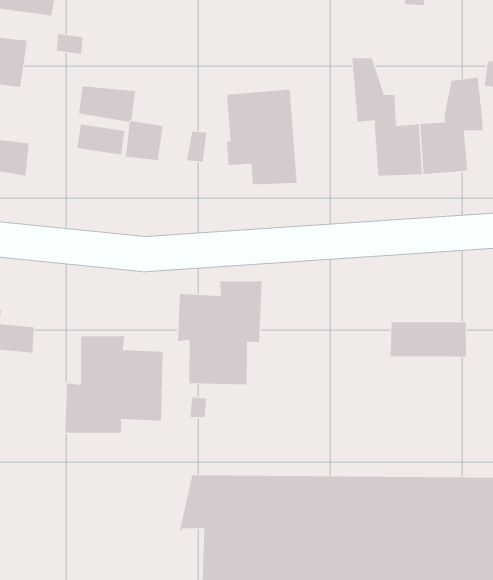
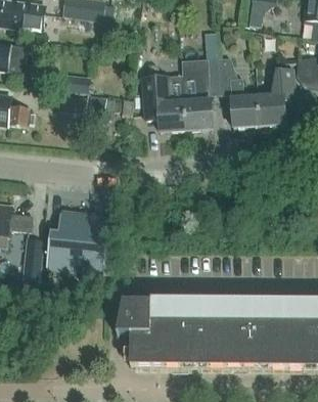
building: none -> [181,56,220,130]
building: [177,280,262,385] -> none
building: [390,321,467,358] -> none
building: none -> [21,237,43,280]

